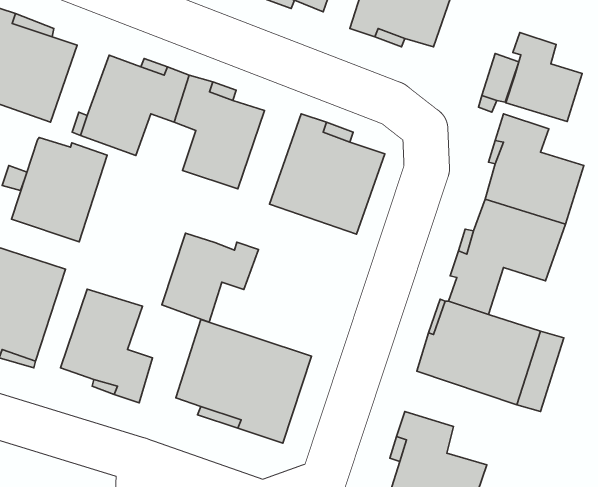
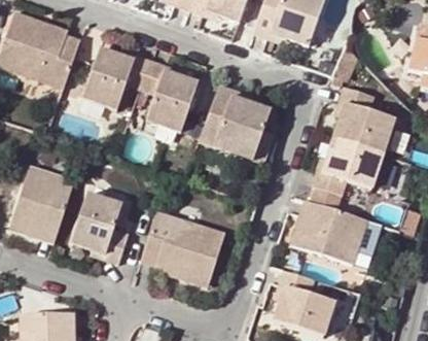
building: [506,33,582,121] -> none
building: [11,138,107,242] -> none
building: [162,233,259,322] -> none

